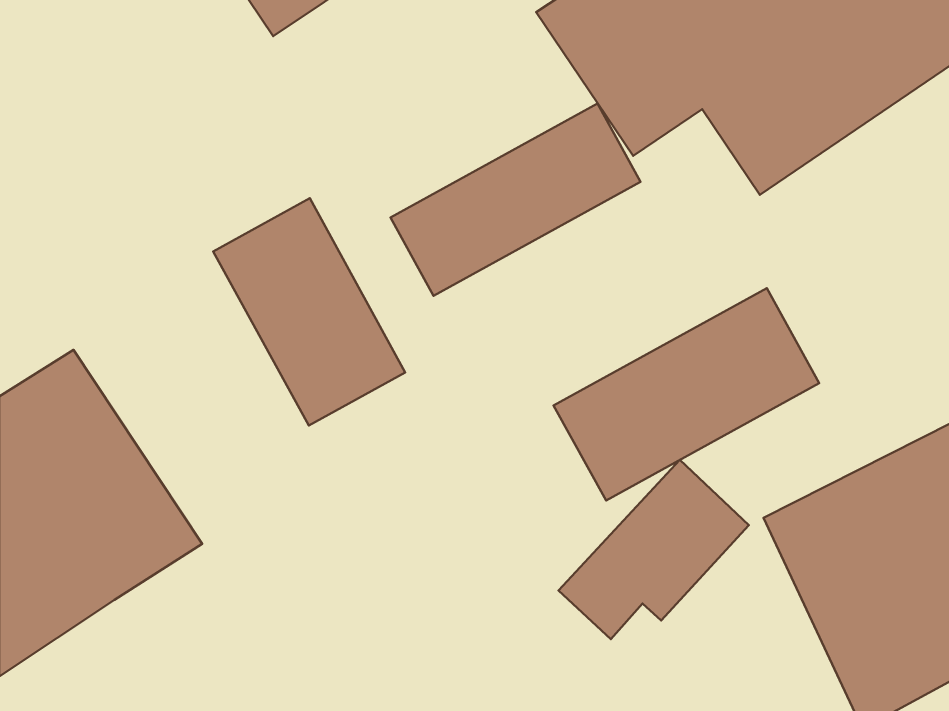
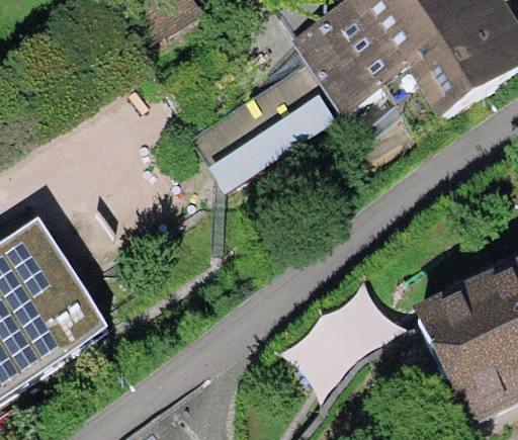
building: [213,198,405,426] -> none
building: [554,288,819,500] -> none

